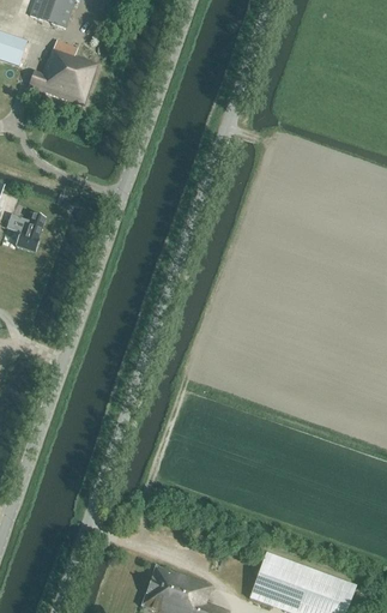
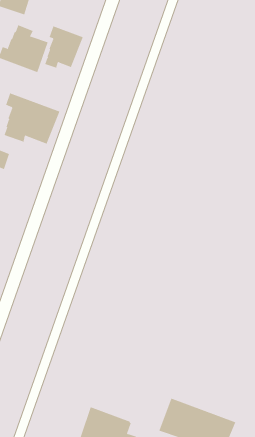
building: none -> [45,25,83,69]
building: none -> [4,93,60,145]

